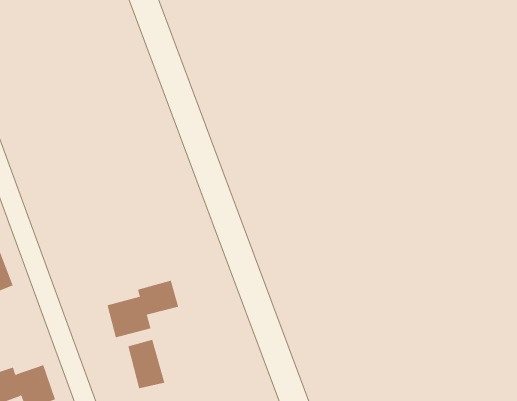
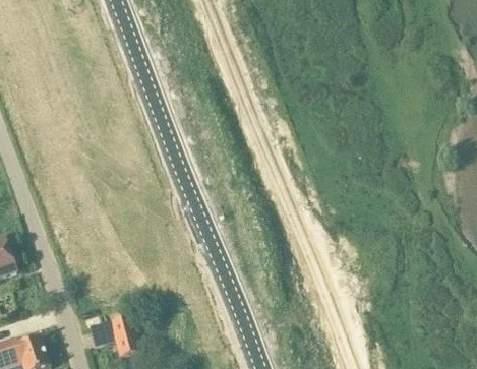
building: [107,280,179,338] -> none

